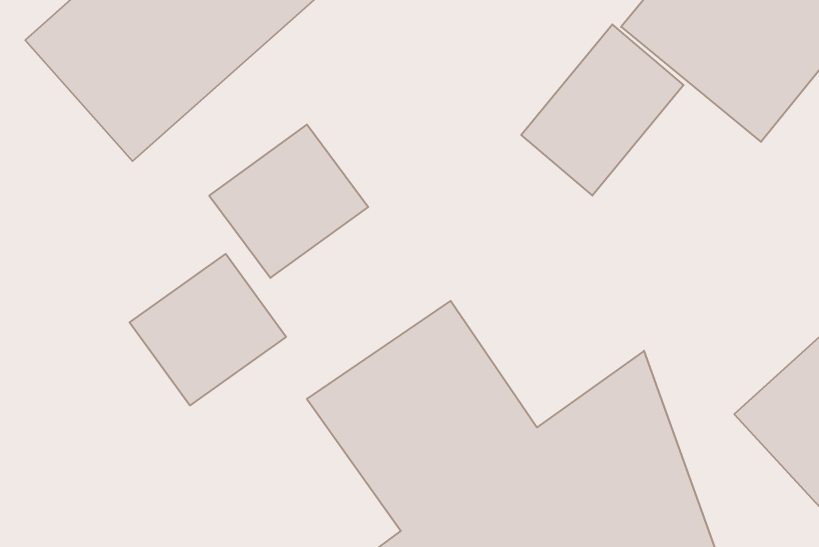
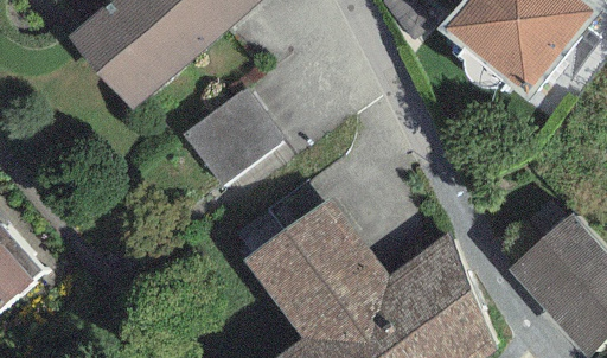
building: [521,24,684,196] -> none
building: [130,254,286,405] -> none

